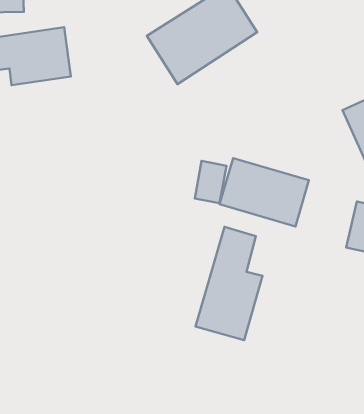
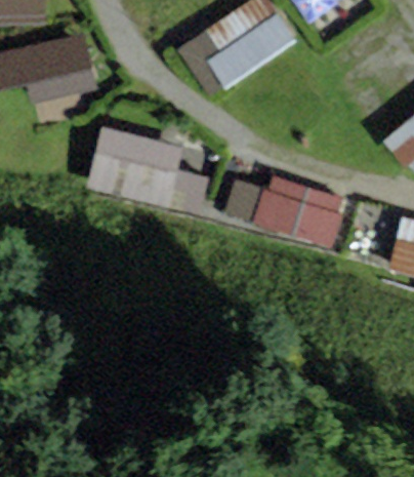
building: none -> [87,126,214,215]
building: [196,227,263,340] -> none

